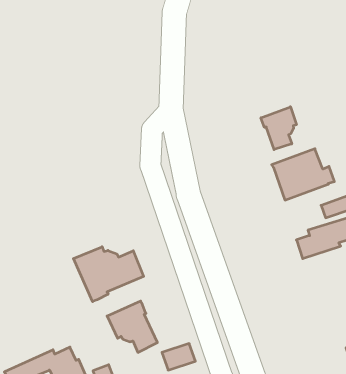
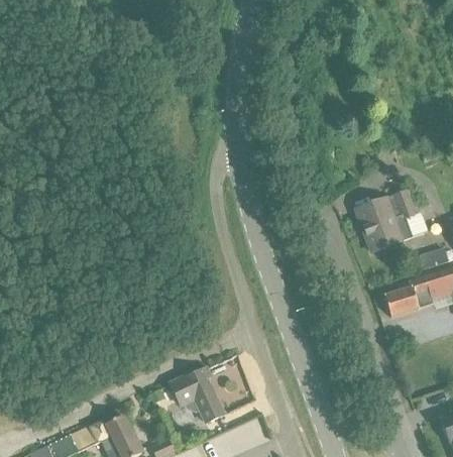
building: [261,107,296,150] -> none
building: [73,247,144,302] -> none

